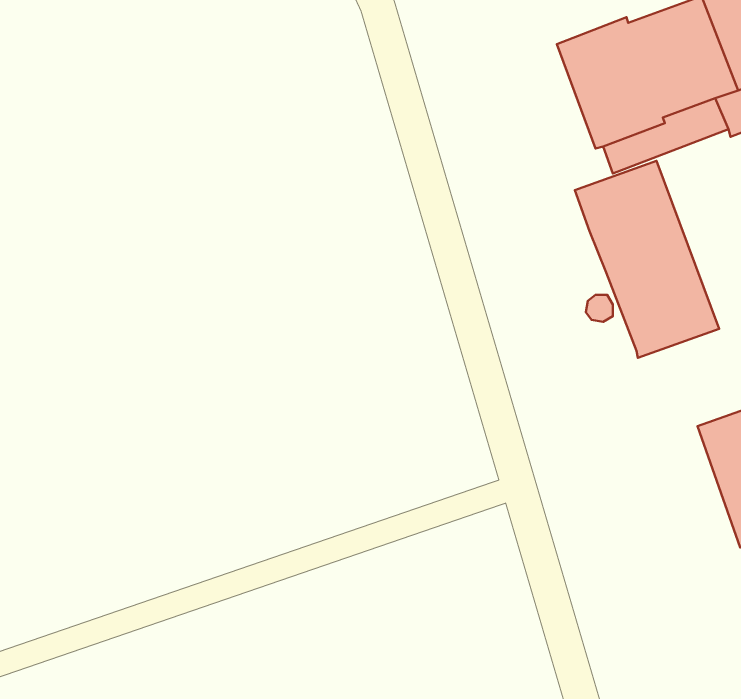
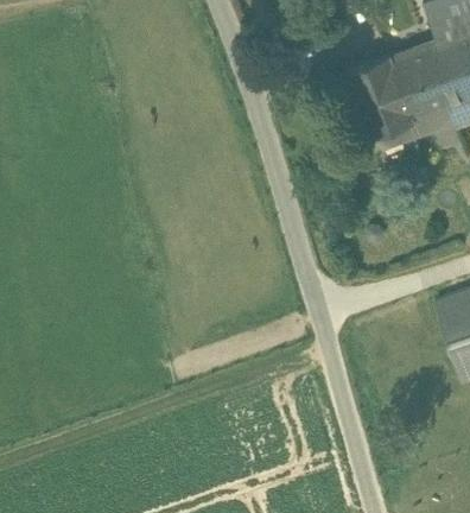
building: [575,161,719,358] -> none

